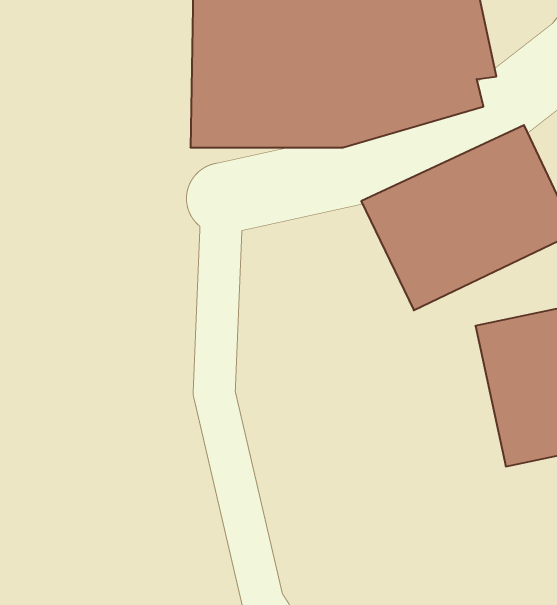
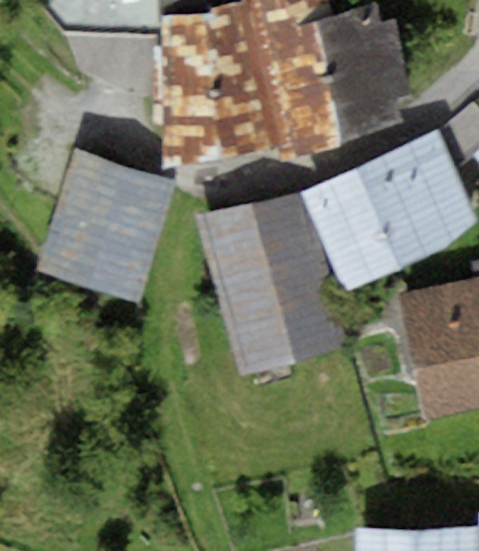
building: none -> [44,165,179,309]
building: none -> [200,191,331,367]

